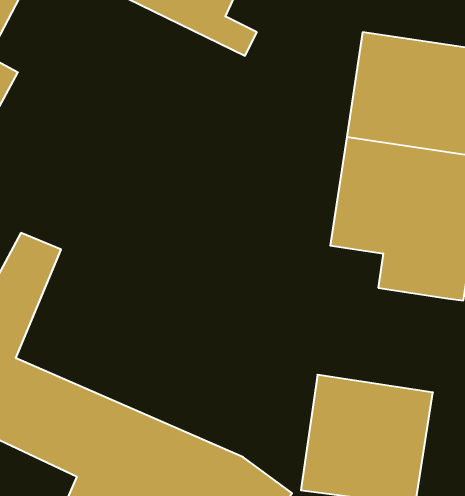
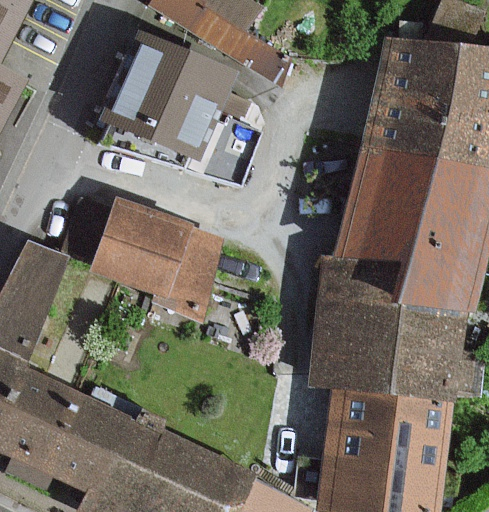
building: none -> [107,33,235,160]
building: none -> [61,187,225,307]
building: none -> [305,252,465,405]

